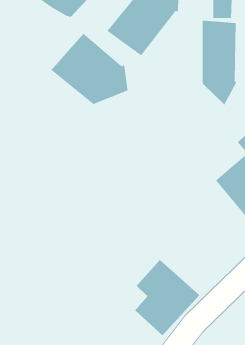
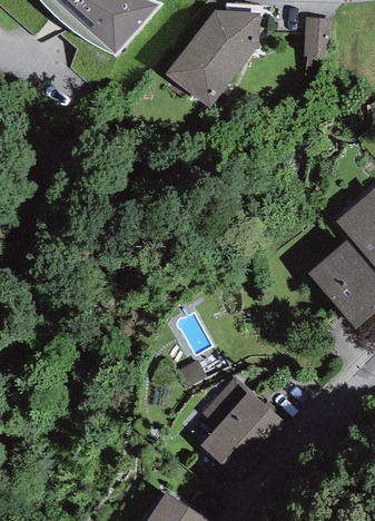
building: [202,20,237,105] -> none
building: [50,33,128,105] -> none

